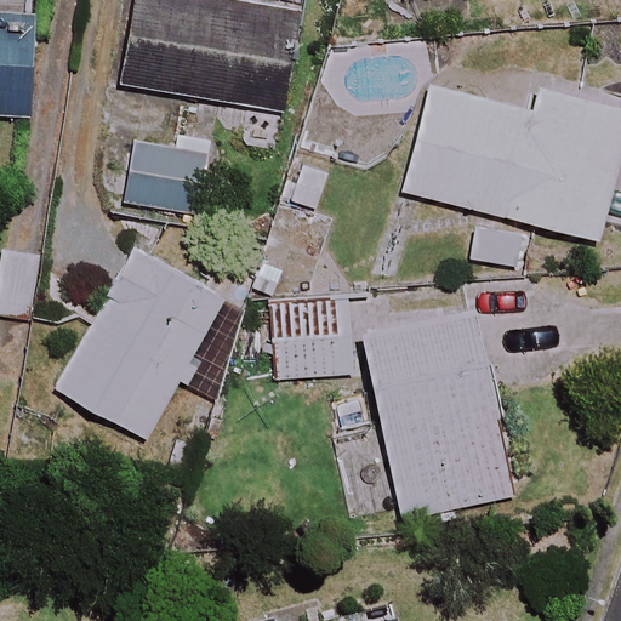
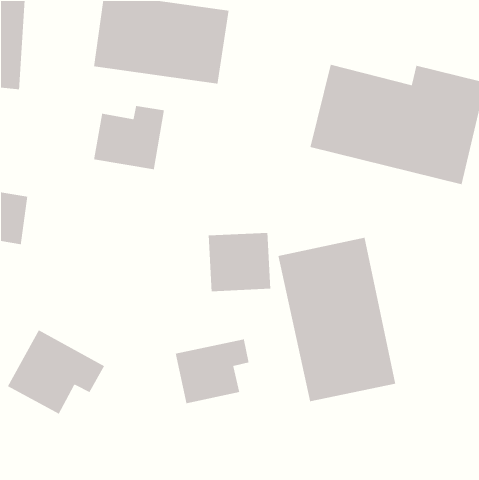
building: [56,247,249,438] -> none
building: none -> [7,329,105,415]
building: none -> [175,338,250,404]

